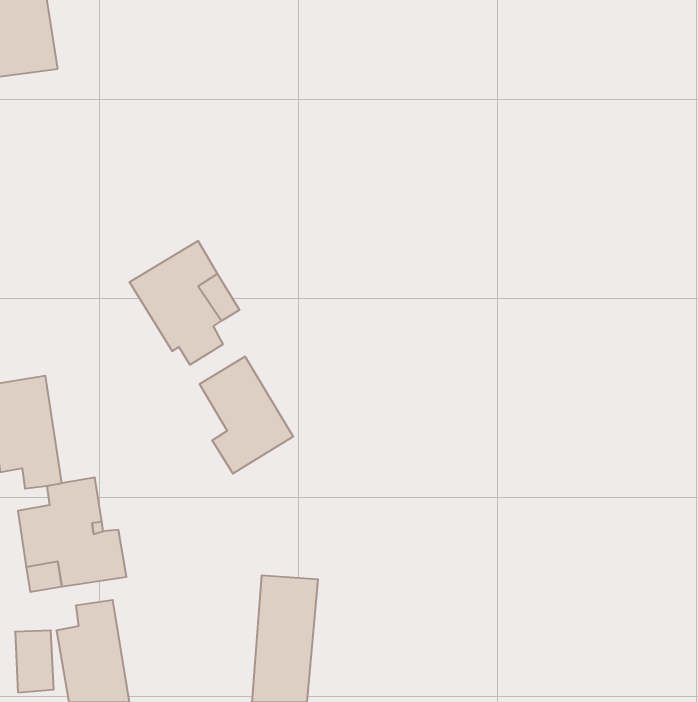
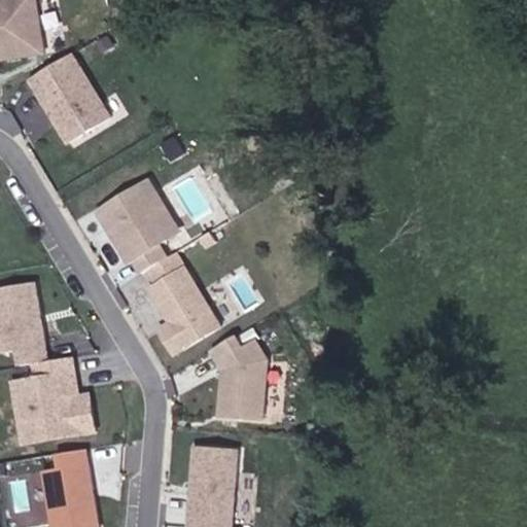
building: none -> [29,54,110,144]
building: none -> [211,336,266,419]

